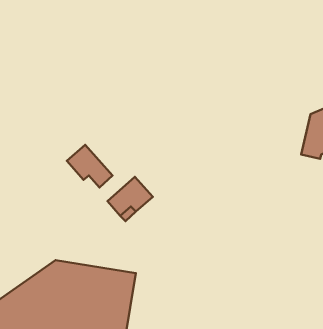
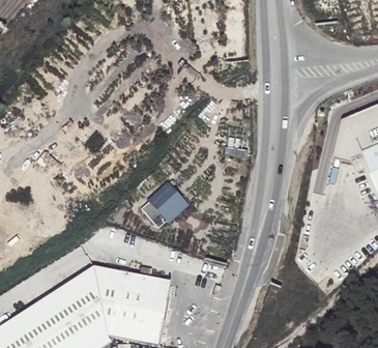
building: [67,145,112,188] -> none

